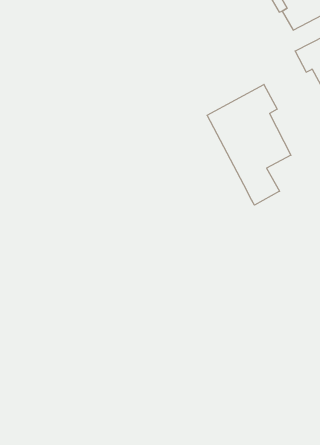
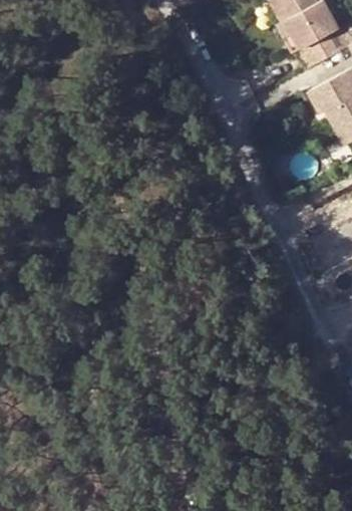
building: [207,84,291,205] -> none

